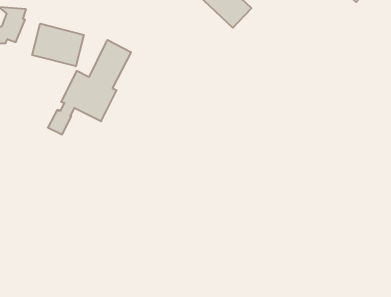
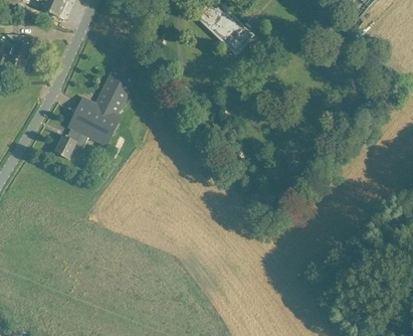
building: [32,24,84,66] -> none

